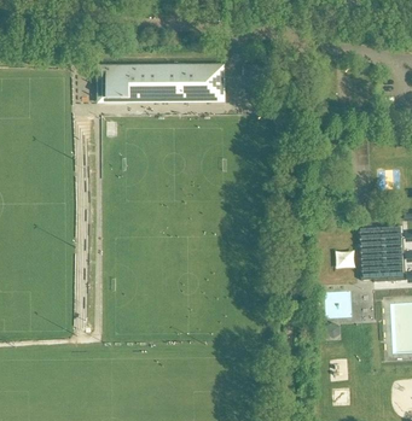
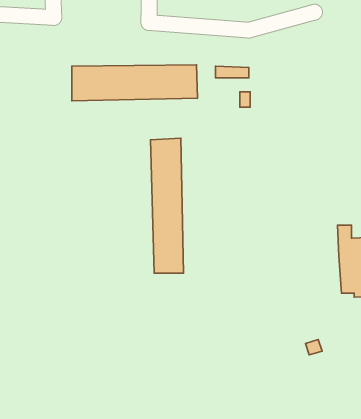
building: none -> [150,138,184,273]

